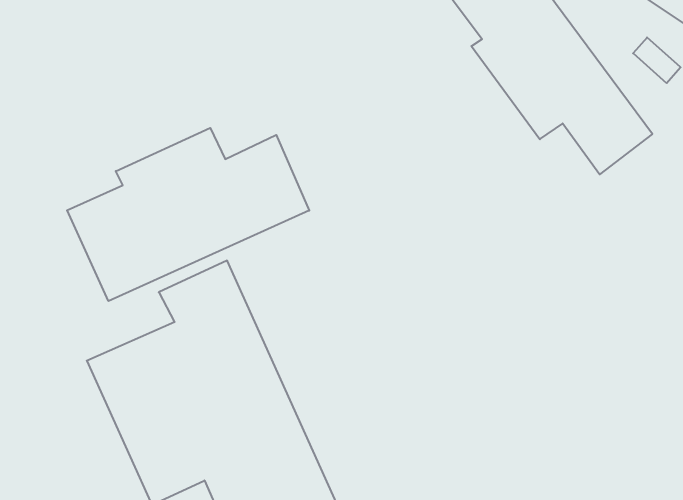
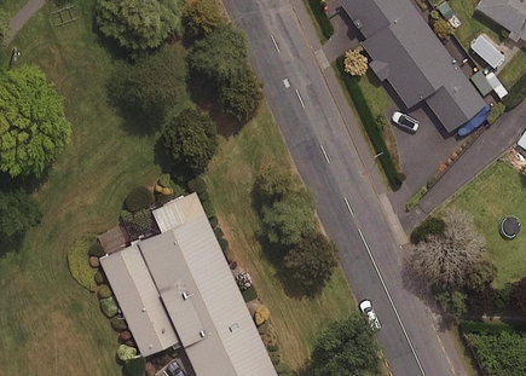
building: [67,128,309,301] -> none

